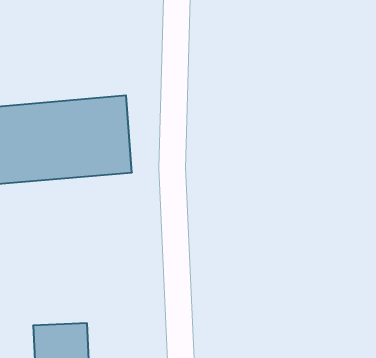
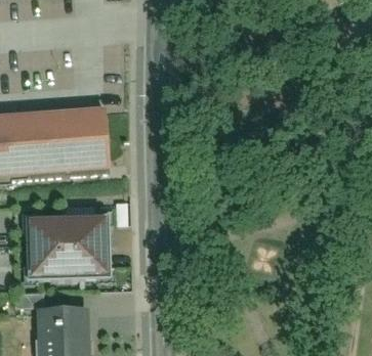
building: none -> [19,213,105,278]

